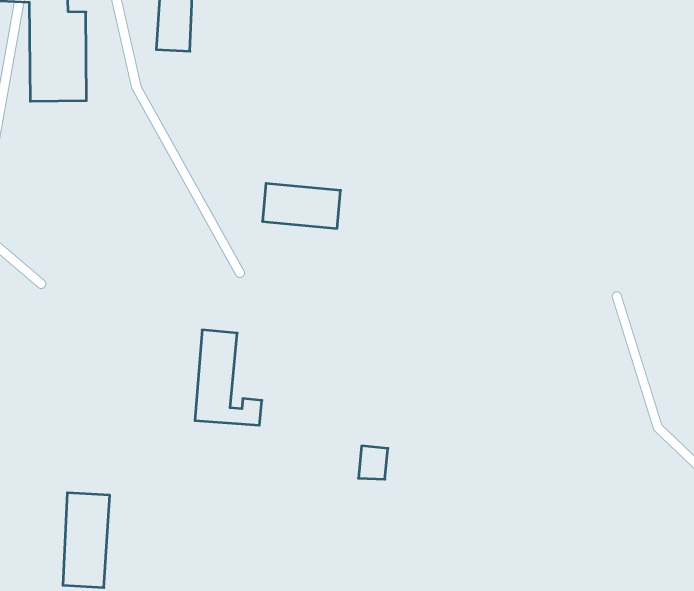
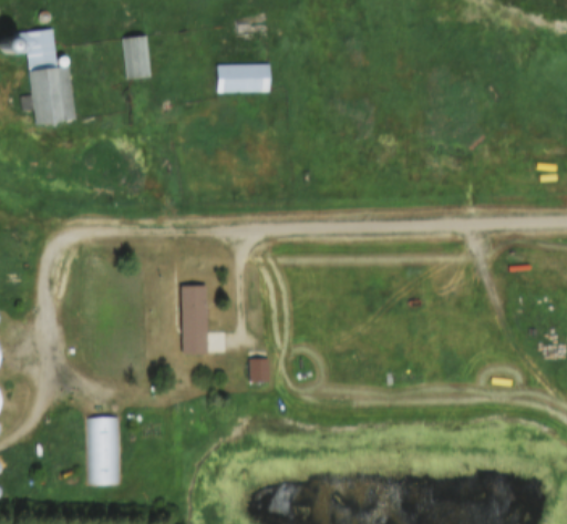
building: [262,183,341,228] -> [213,63,269,92]
building: [358,446,388,479] -> [251,358,271,382]

